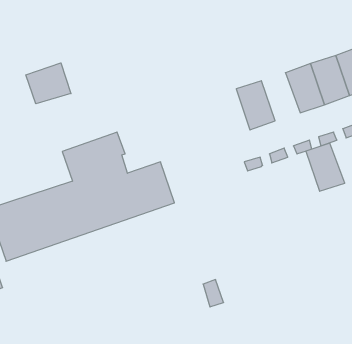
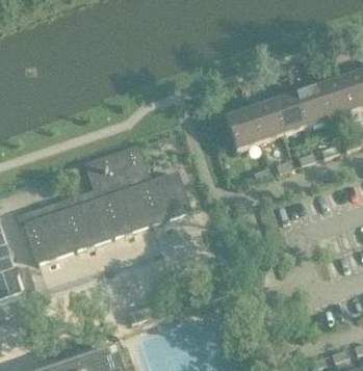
building: [26,63,71,104] -> none
building: none -> [225,104,260,149]
building: [306,143,345,191] -> [270,89,306,133]

